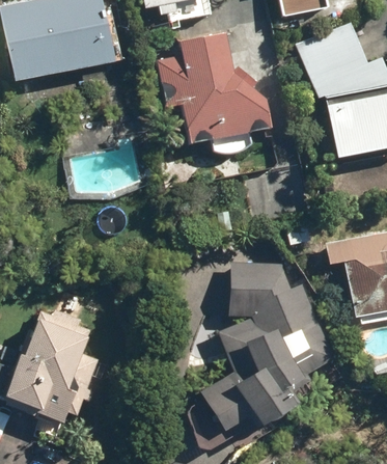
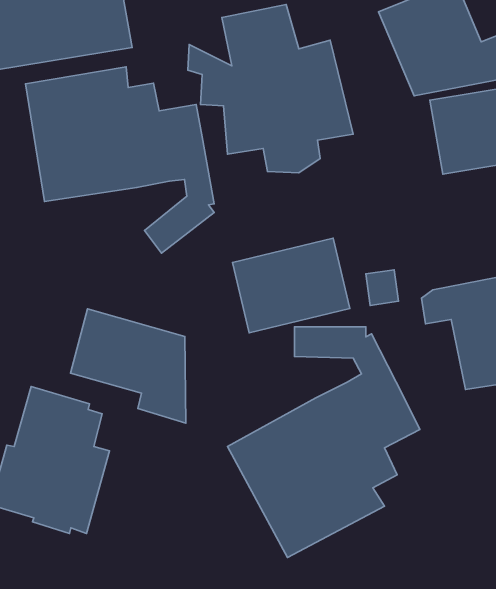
building: none -> [26,67,214,253]
building: none -> [233,238,350,333]
building: none -> [71,309,186,423]

